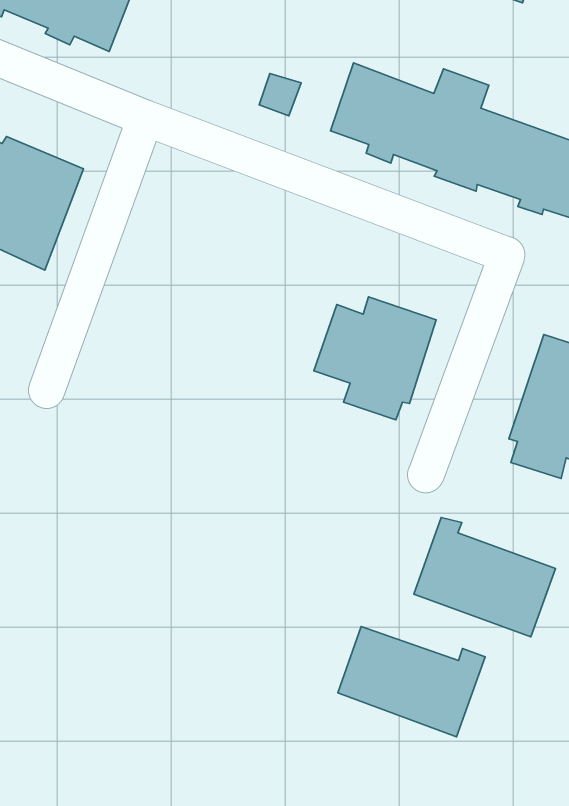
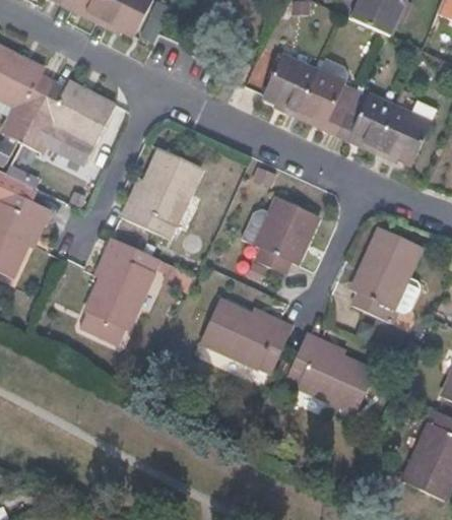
building: none -> [121,149,199,238]
building: none -> [81,240,158,343]
building: [338,627,485,737] -> [203,301,294,372]

